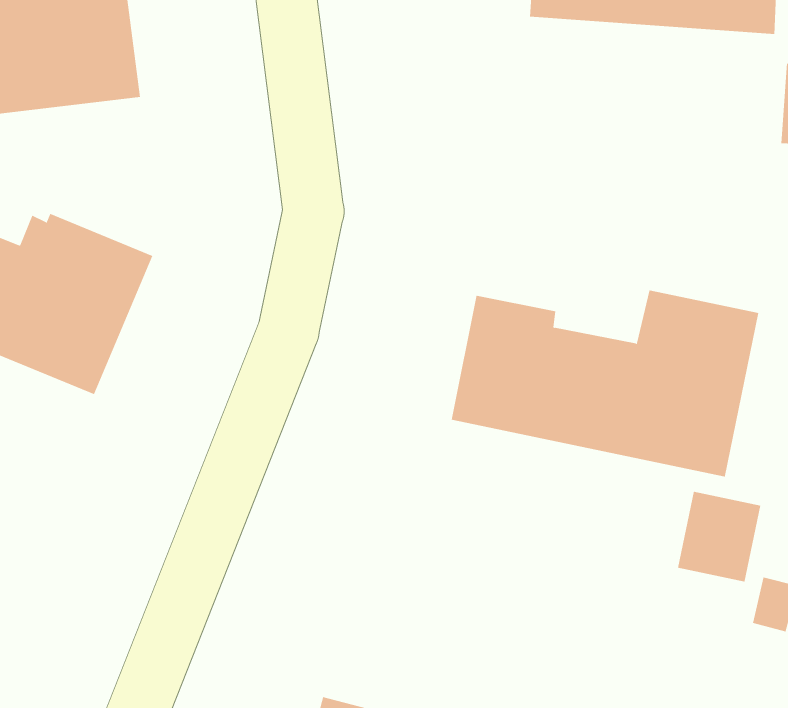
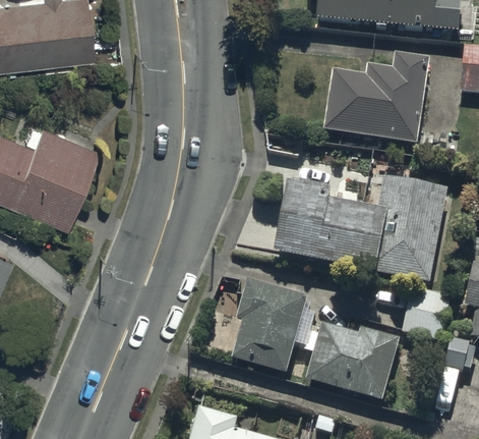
building: none -> [324,53,430,141]
building: none -> [233,277,307,370]
building: none -> [306,322,400,399]

